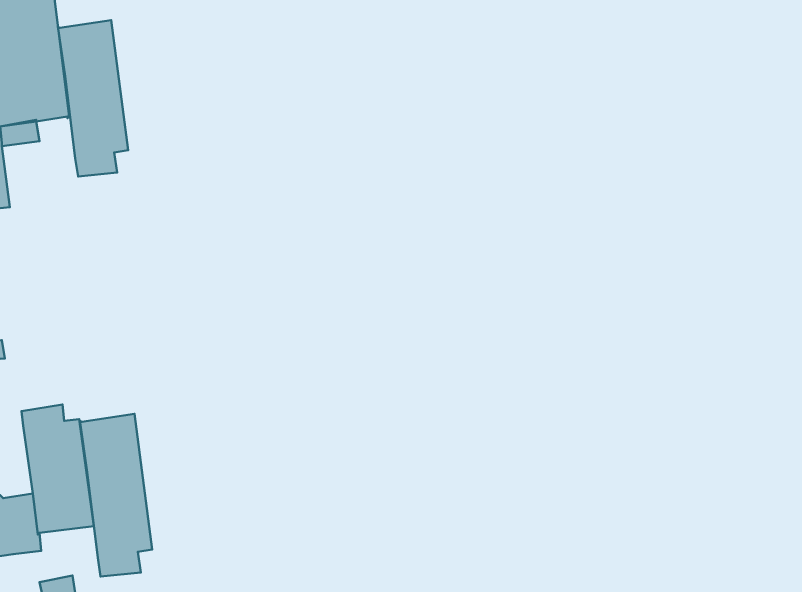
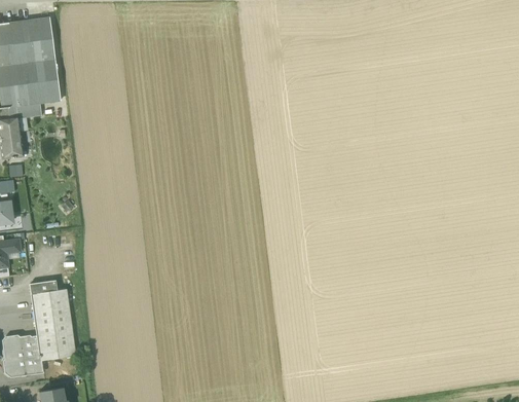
building: [58,20,128,176] -> none
building: [80,414,152,577] -> none

